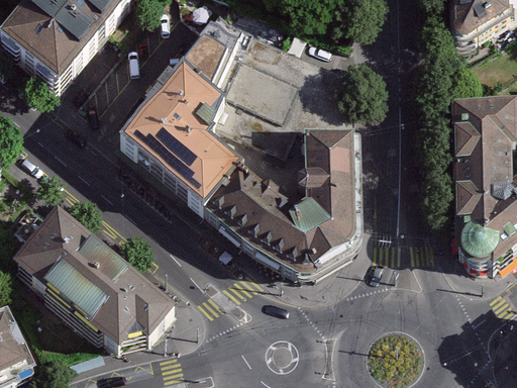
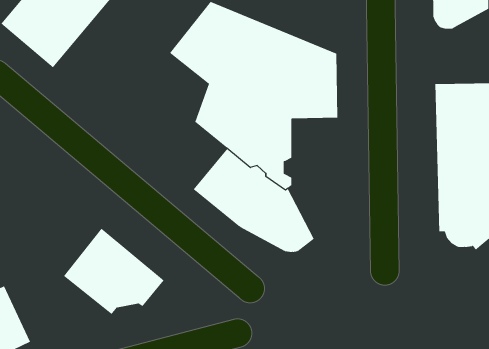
building: [117,69,236,210] -> none
building: [296,136,351,262] -> none
building: [16,210,106,300] -> none

